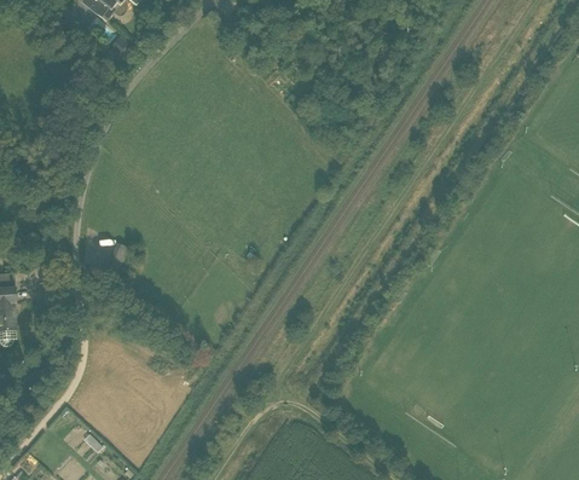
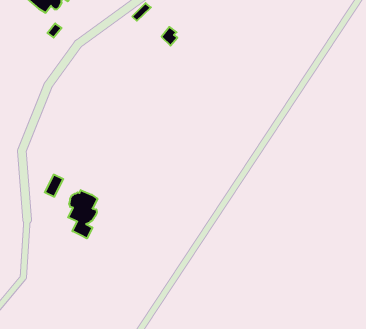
building: none -> [68,190,97,238]

